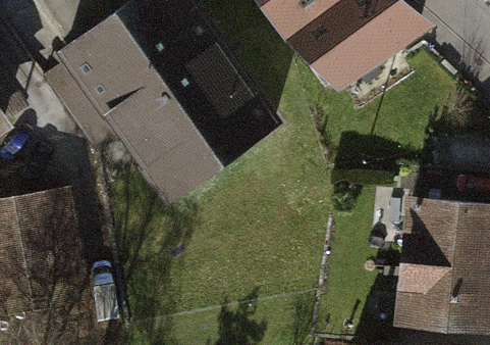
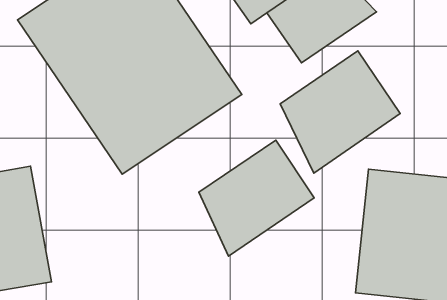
building: none -> [280,51,400,173]
building: none -> [199,140,314,256]

